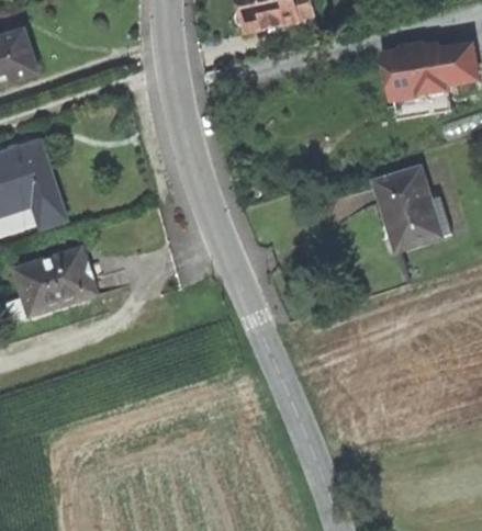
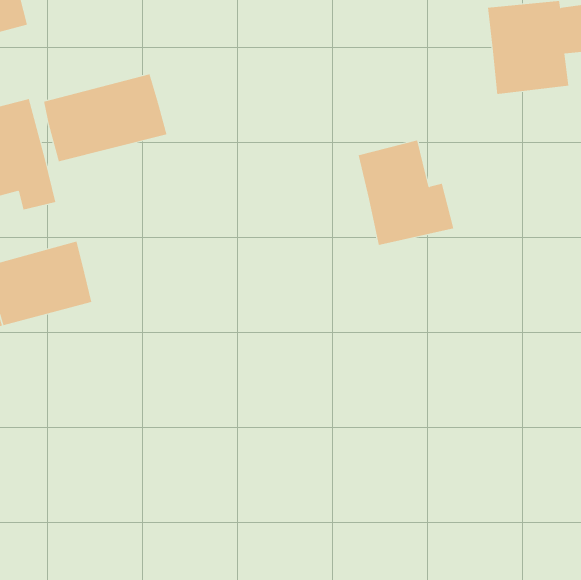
building: none -> [44,74,167,162]
building: [373,162,450,245] -> [358,140,454,245]

